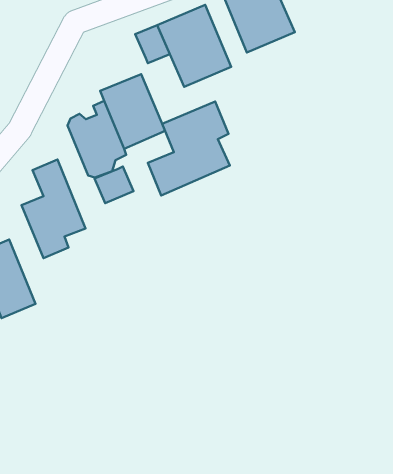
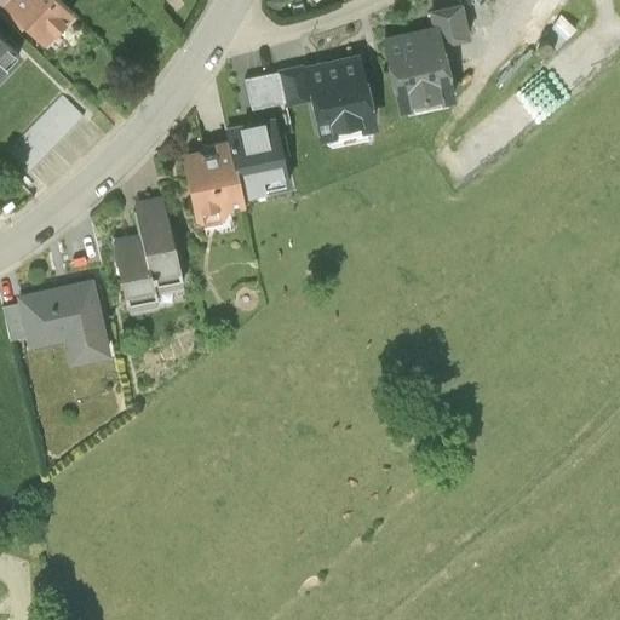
building: none -> [245,71,283,109]
building: [148,101,230,195] -> none
building: [95,167,134,203] -> none

